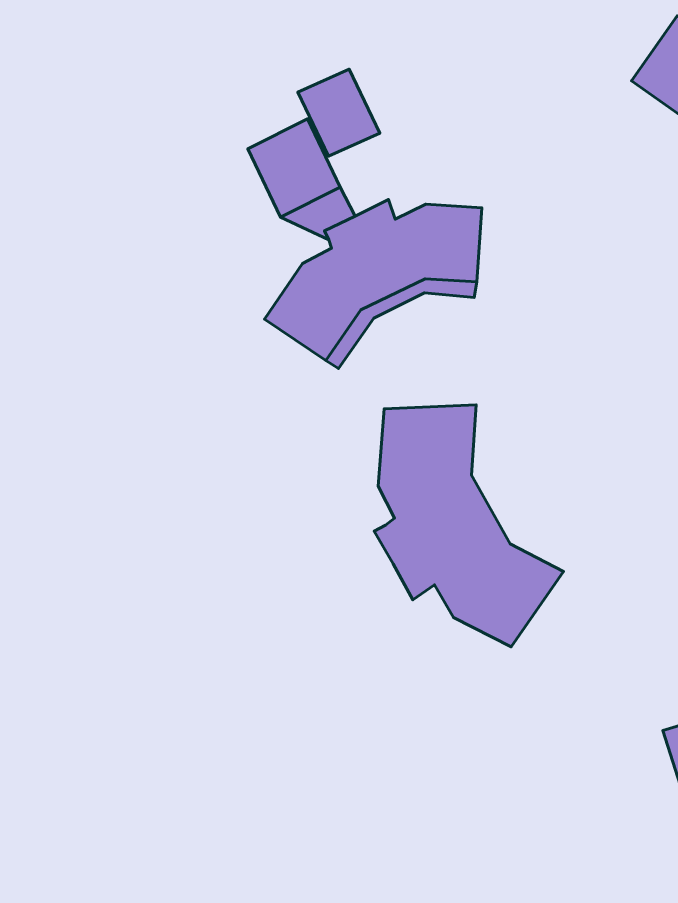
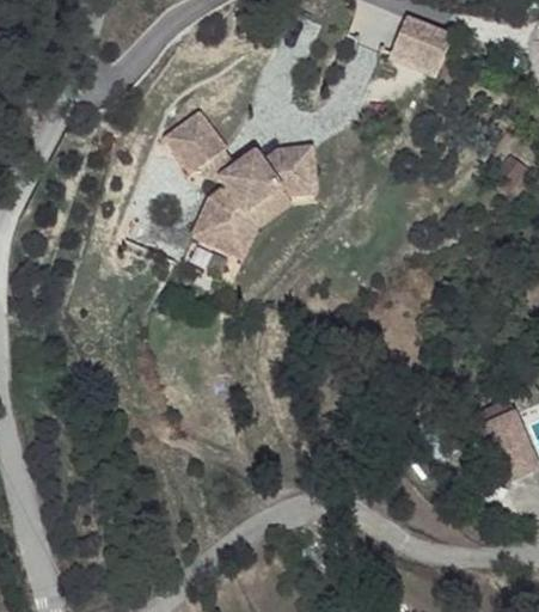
building: [298,69,380,156] -> none
building: [374,405,564,647] -> none

